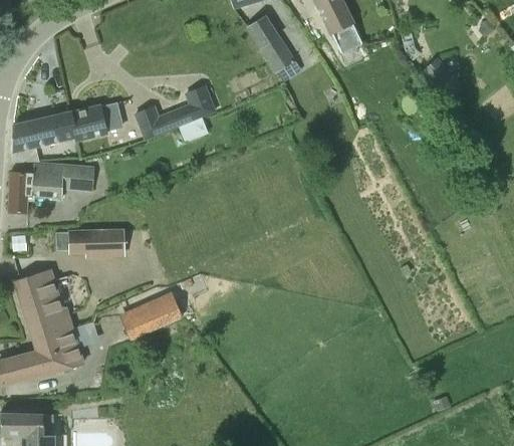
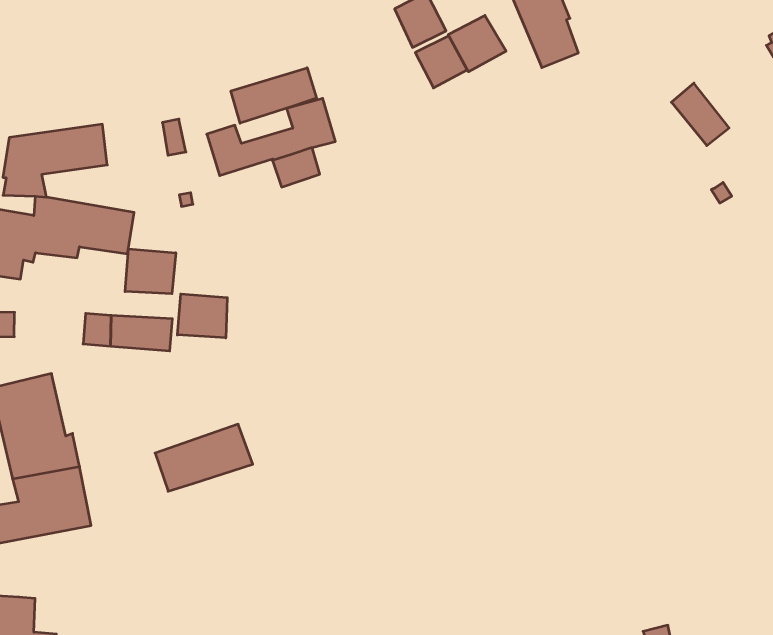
building: none -> [448,15,506,72]
building: none -> [231,68,317,123]
building: [70,105,106,143] -> none
building: none -> [125,249,176,294]
building: none -> [177,294,227,338]

